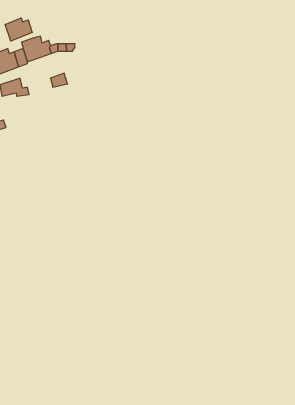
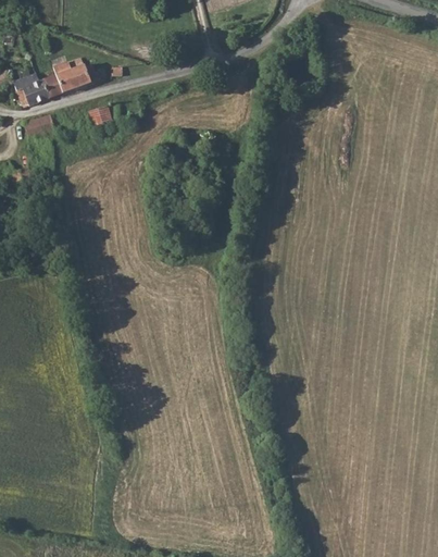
building: [5,18,32,41] -> none

